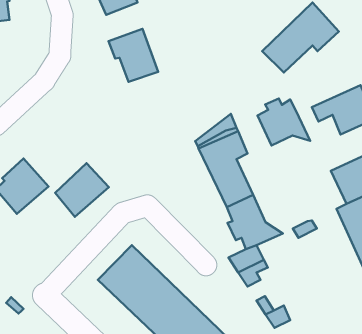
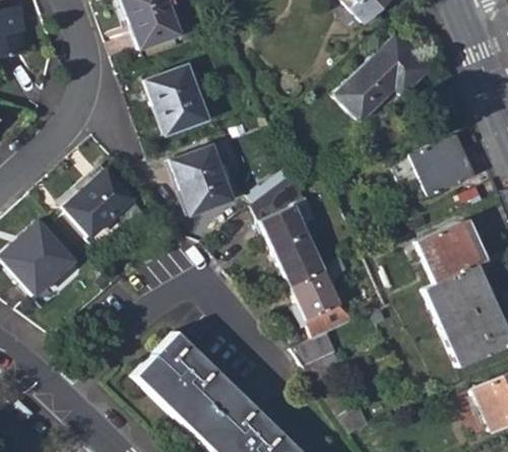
building: none -> [172,144,232,212]
building: [258,98,310,146] -> none
building: [55,163,109,217] -> [66,169,132,235]

